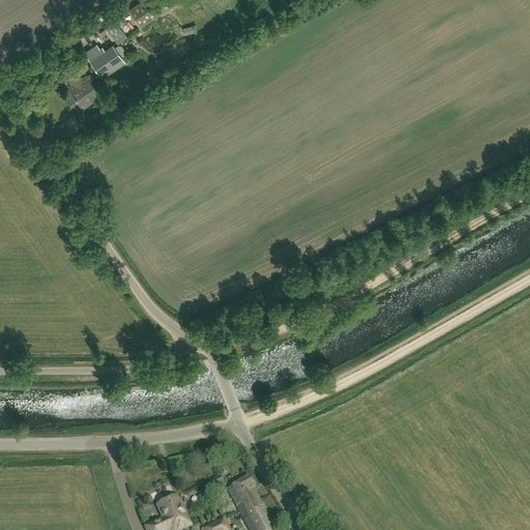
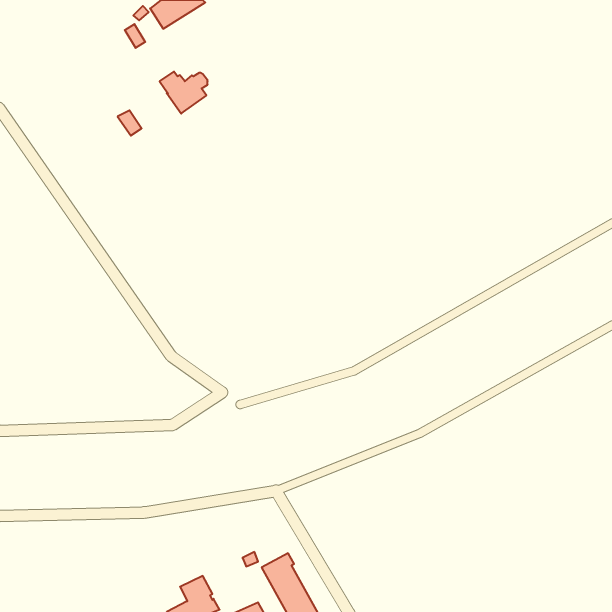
building: [83,43,124,80] -> [160,72,208,114]
building: [63,72,98,111] -> none

